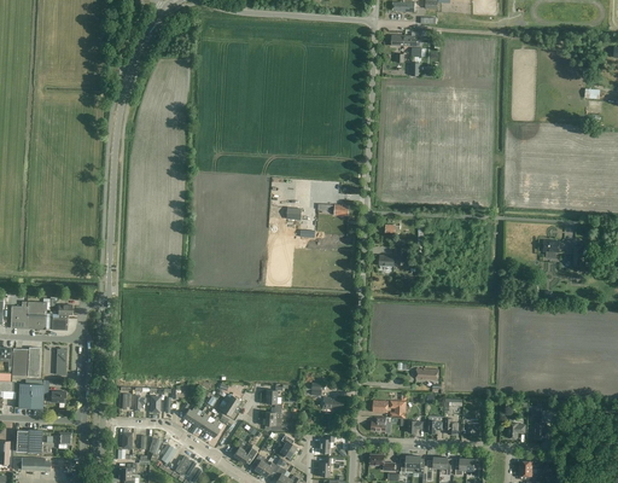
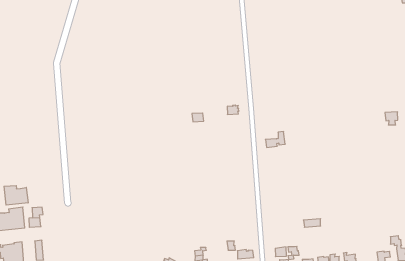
building: none -> [4,186,28,205]

